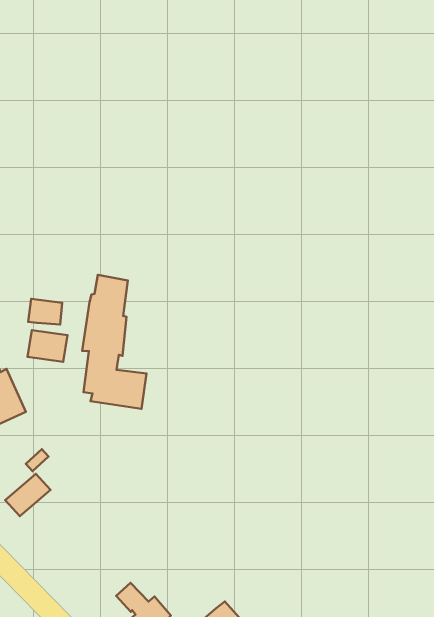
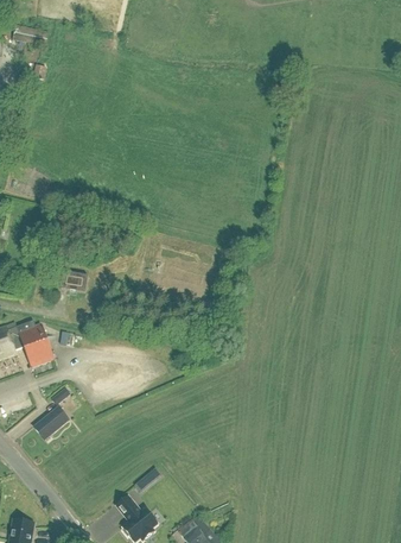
building: [82,275,146,409] -> none
building: [28,330,67,362] -> none

